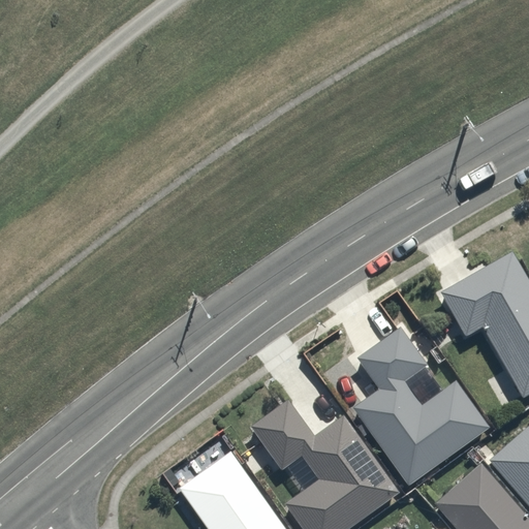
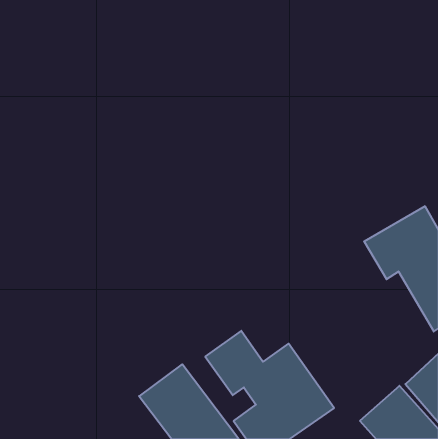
building: [351,329,494,490] -> none

